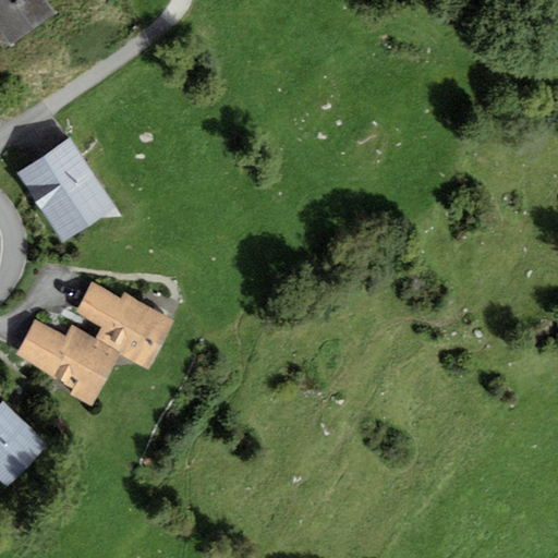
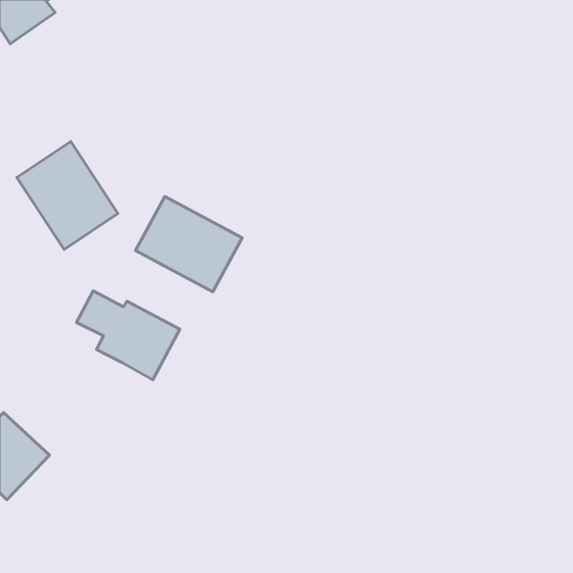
building: none -> [135,196,242,292]
building: [15,318,119,407] -> none

